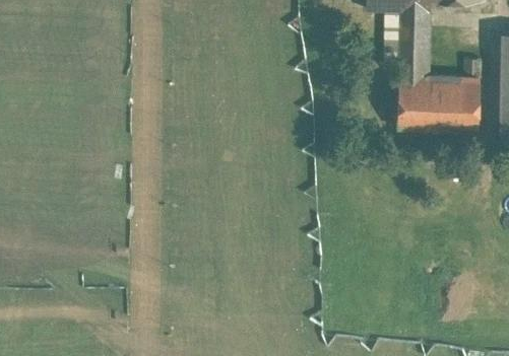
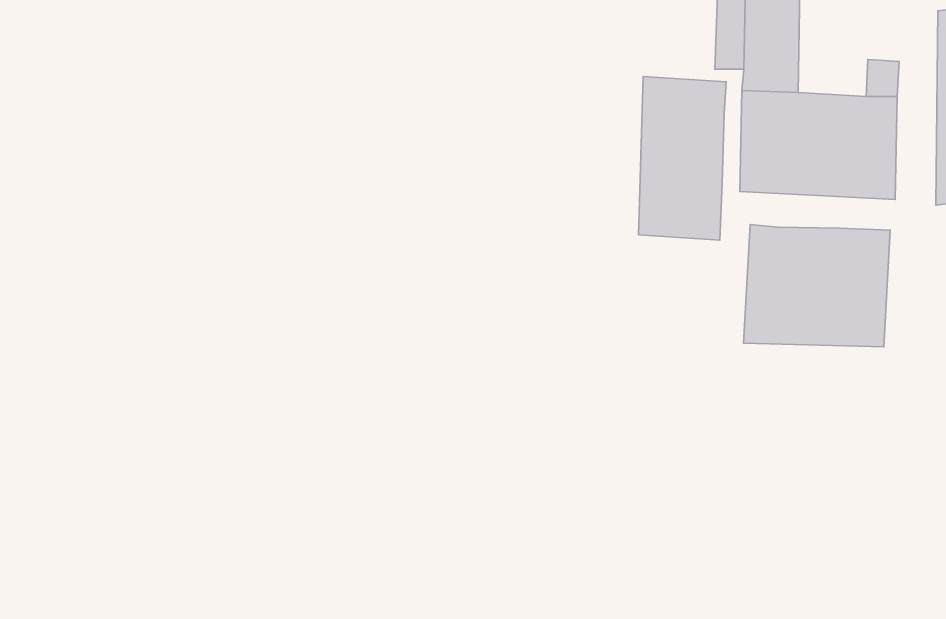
building: none -> [638,77,726,240]
building: none -> [744,225,890,347]

